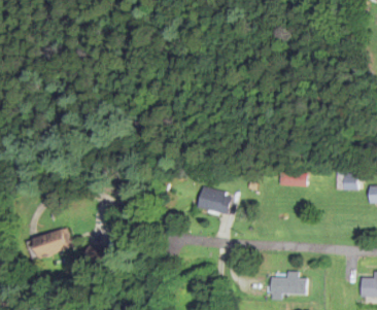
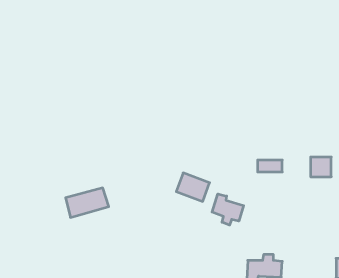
building: none -> [212,194,244,225]
building: [27,229,72,260] -> [66,188,109,217]

